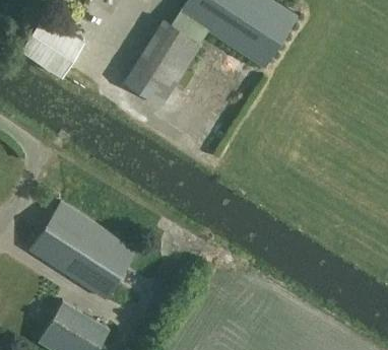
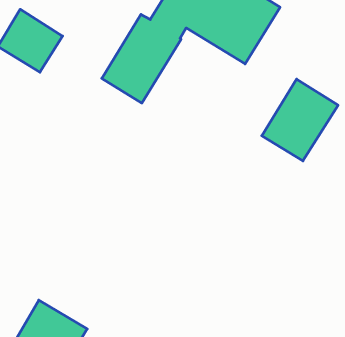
building: none -> [262,79,338,161]
building: [29,203,137,301] -> none

